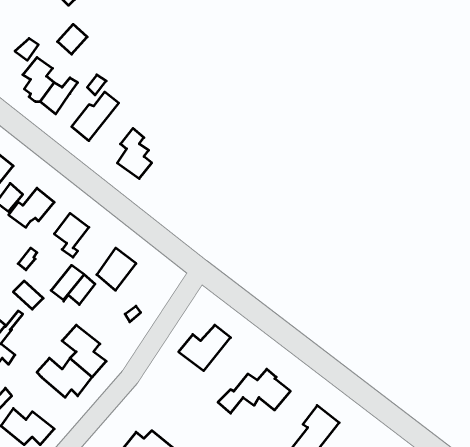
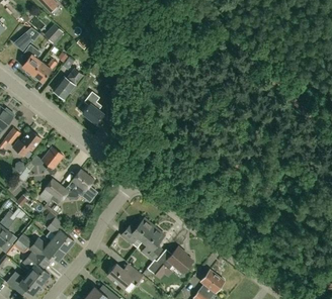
building: none -> [138,226,165,261]
building: none -> [24,252,50,285]
building: none -> [107,264,143,289]

